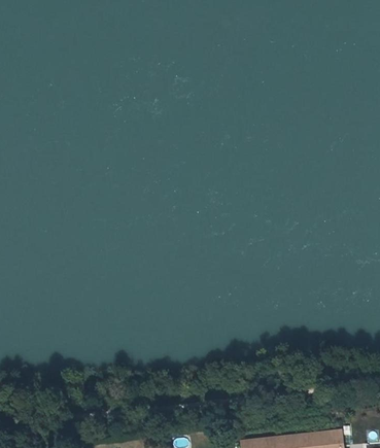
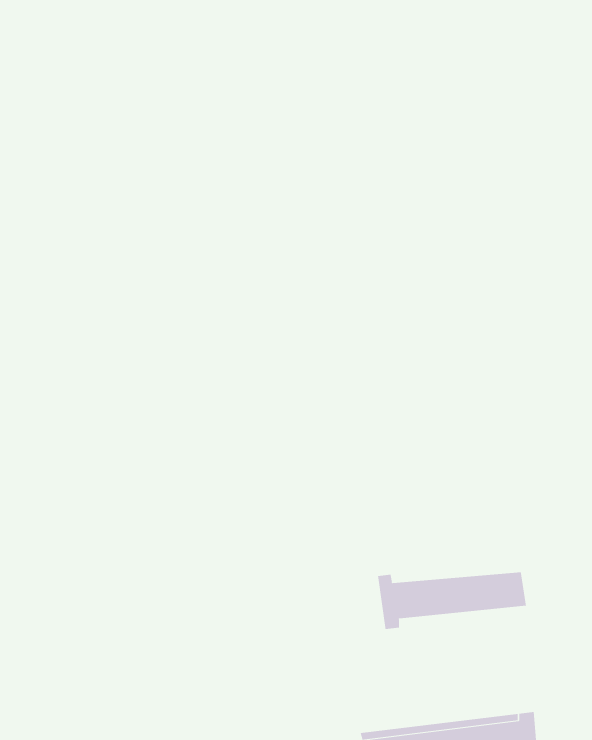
building: none -> [378,571,526,630]

